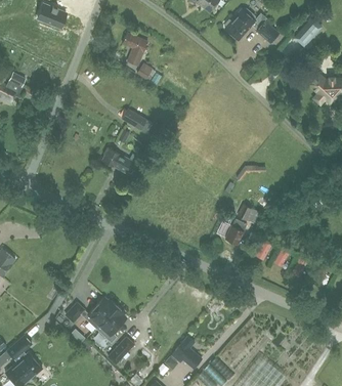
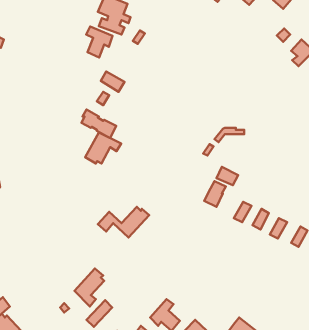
building: none -> [86,27,113,58]
building: none -> [85,132,121,164]
building: [65,298,116,329] -> [98,207,149,238]

